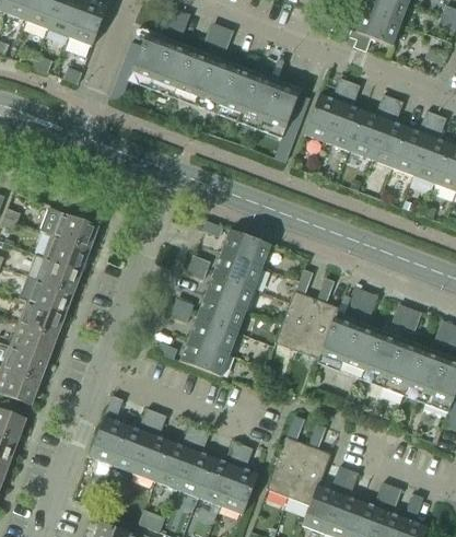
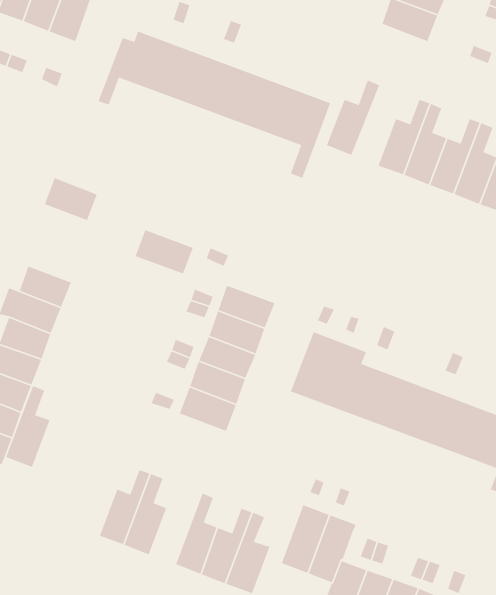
building: [327,82,364,151] -> none
building: [52,212,98,249] -> [44,177,98,221]
building: [221,229,271,267] -> [134,229,194,274]
building: [90,395,128,465] -> [5,385,50,468]
building: [155,424,200,489] -> none

